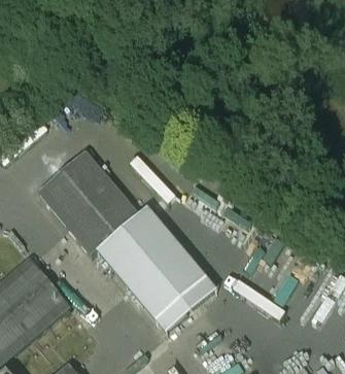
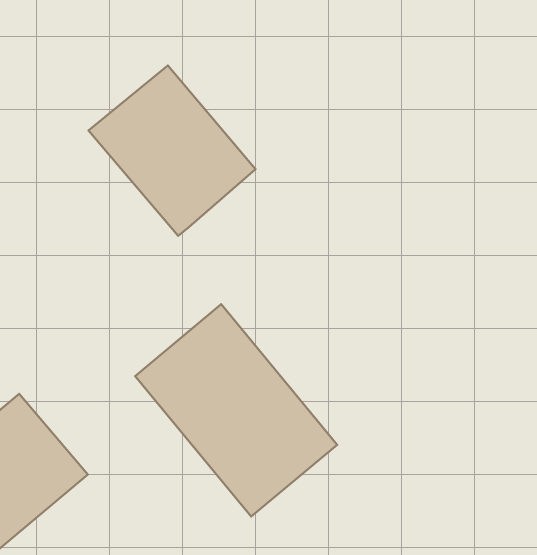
building: [38,155,136,254] -> [89,66,256,236]

